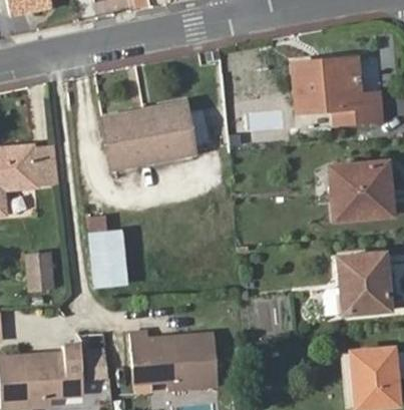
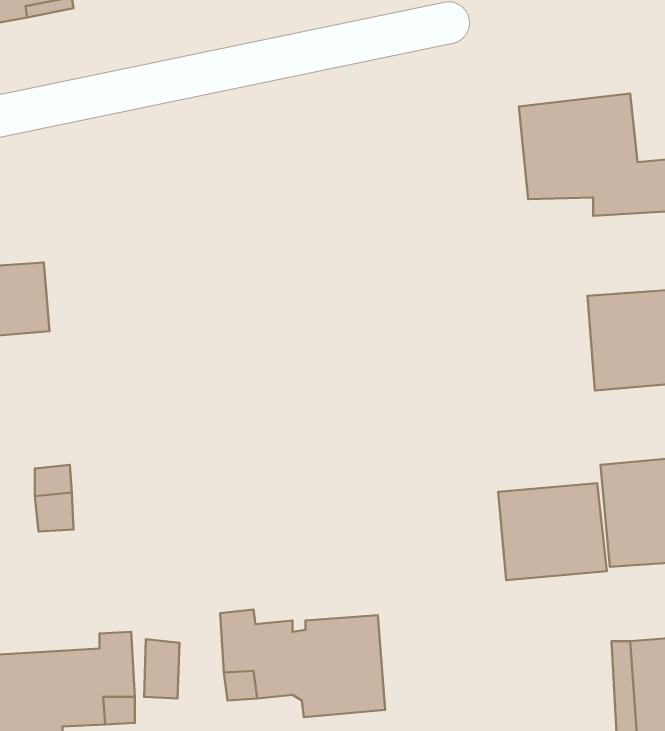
building: [108,107,190,159] -> none
building: [35,144,59,183] -> none
building: [88,218,128,289] -> none
building: none -> [498,483,607,580]

